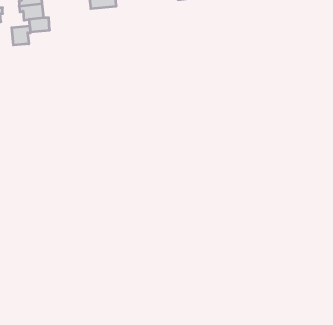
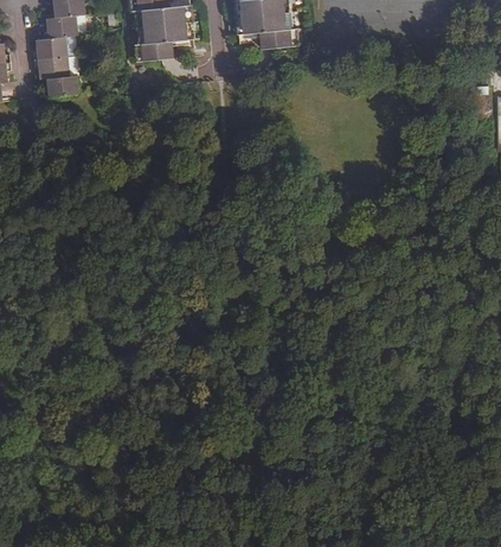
building: [12,26,30,45] -> none

